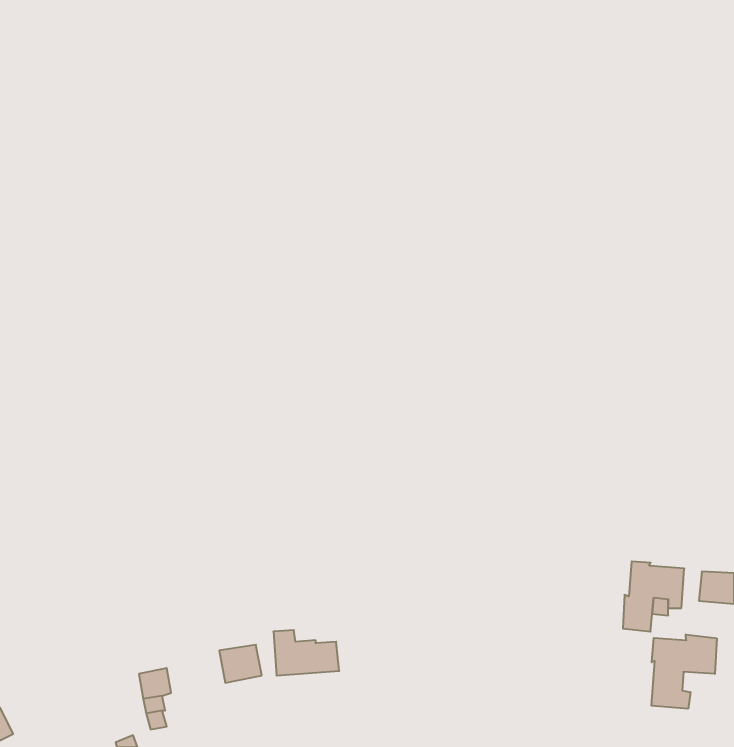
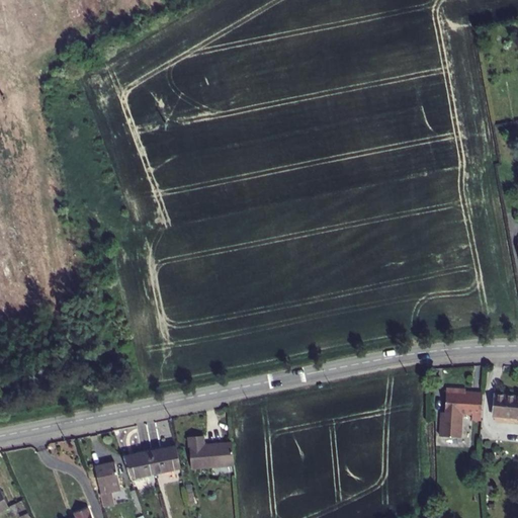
building: [652,634,717,709] -> none
building: none -> [123,450,156,478]

